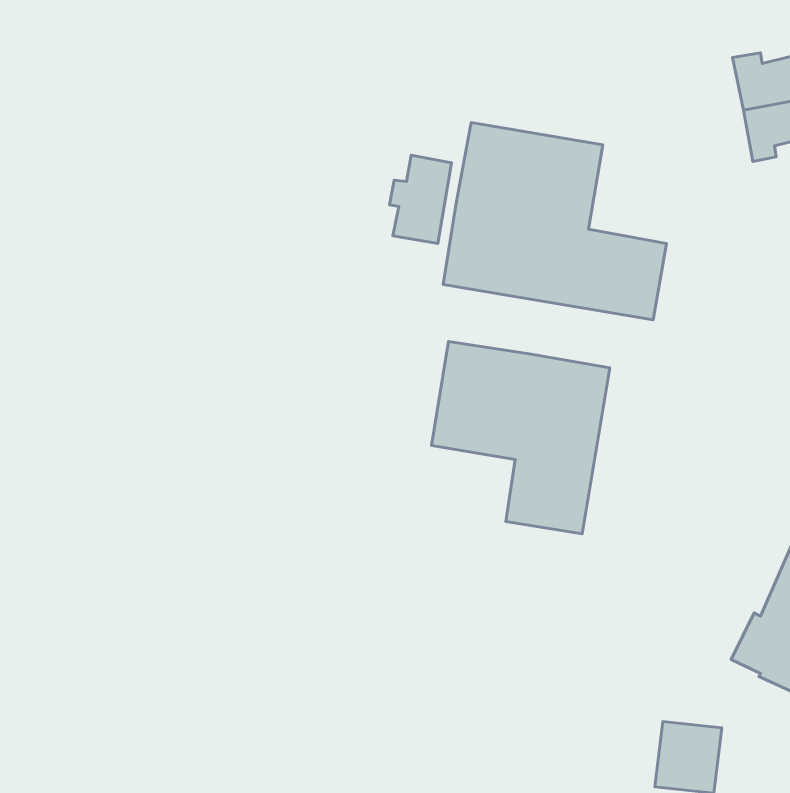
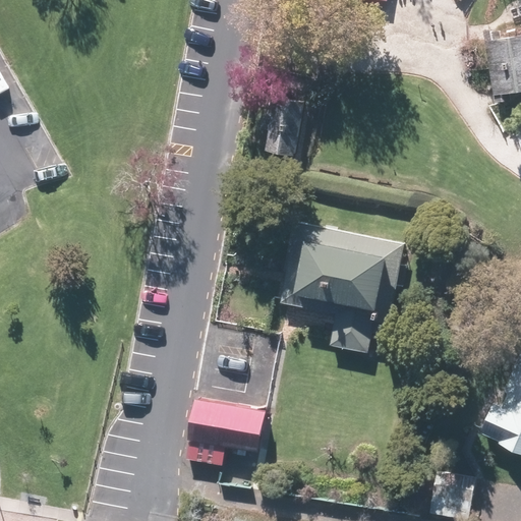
building: [443,122,667,320] -> none
building: none -> [188,399,269,450]

